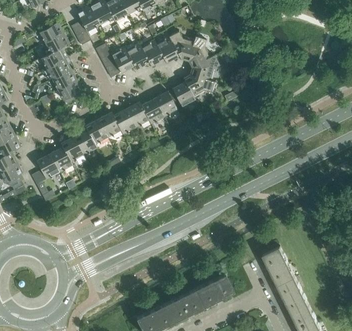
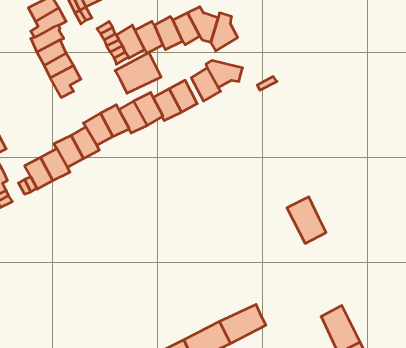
building: [188,55,218,81] -> none
building: none -> [115,52,161,93]
building: [262,247,294,285] -> [287,197,326,243]

